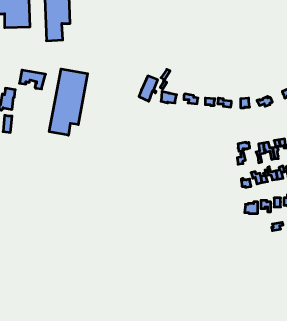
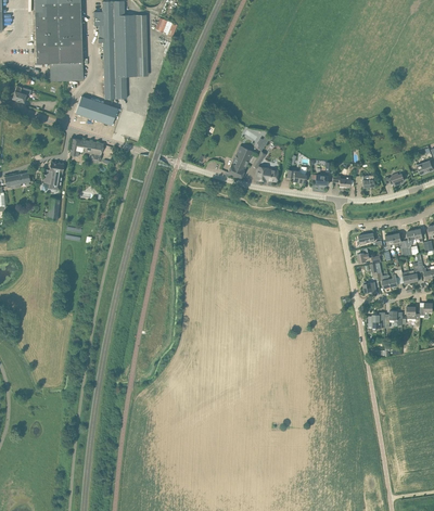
building: none -> [76,94,117,124]
building: [49,69,88,135] -> none

